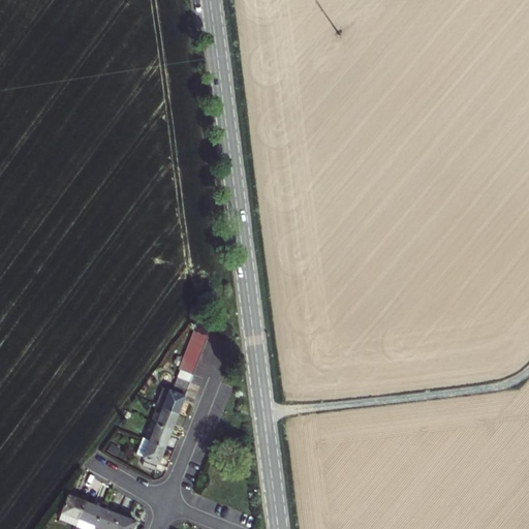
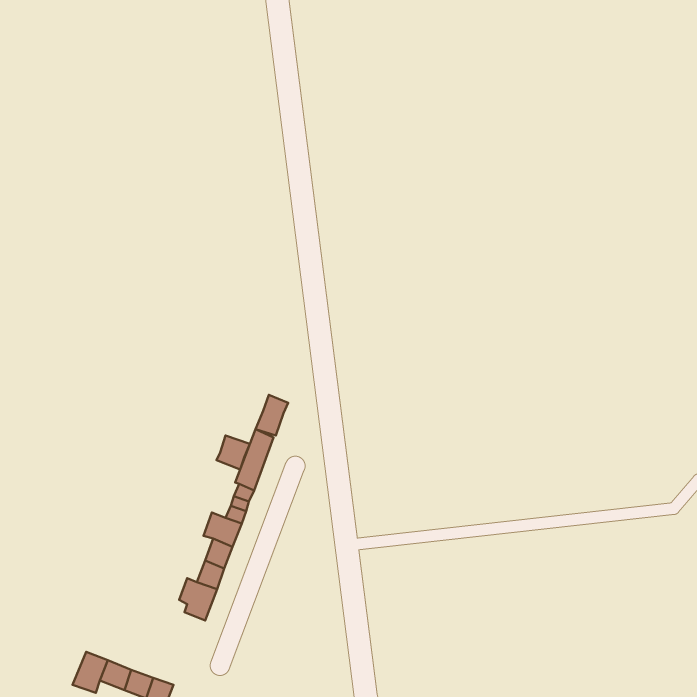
building: none -> [256,395,288,436]
building: none -> [217,436,250,469]

